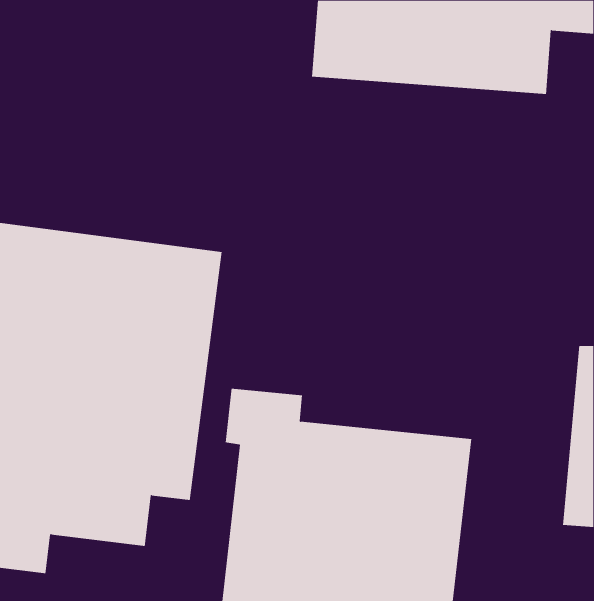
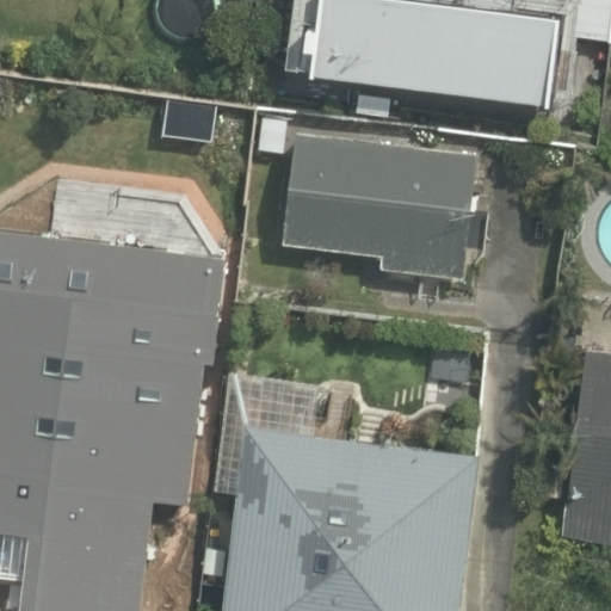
building: none -> [279,132,477,284]

